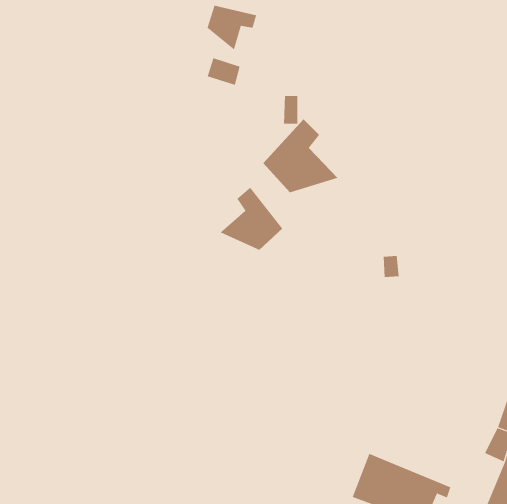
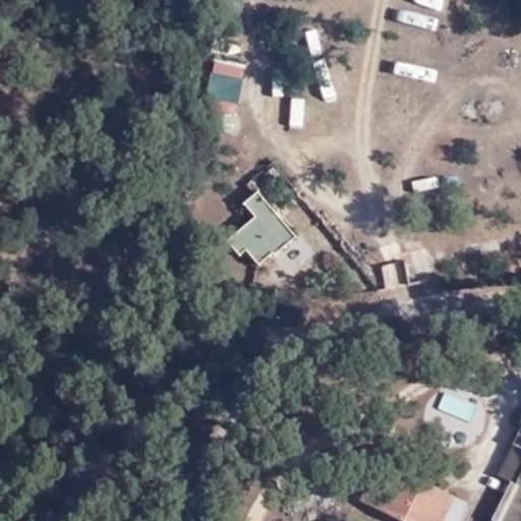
building: [207,5,257,51] -> none
building: [262,118,338,193] -> none

